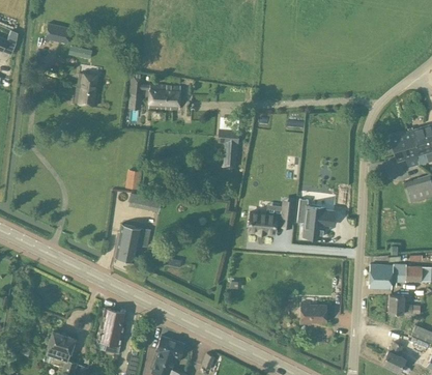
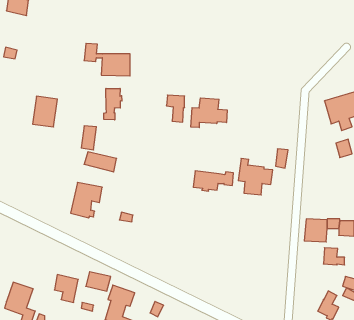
building: [75,73,102,106] -> [33,96,57,127]
building: none -> [104,88,122,120]
building: none -> [191,98,227,128]
building: [300,305,325,323] -> none
building: [100,308,127,328] -> [86,272,111,291]

